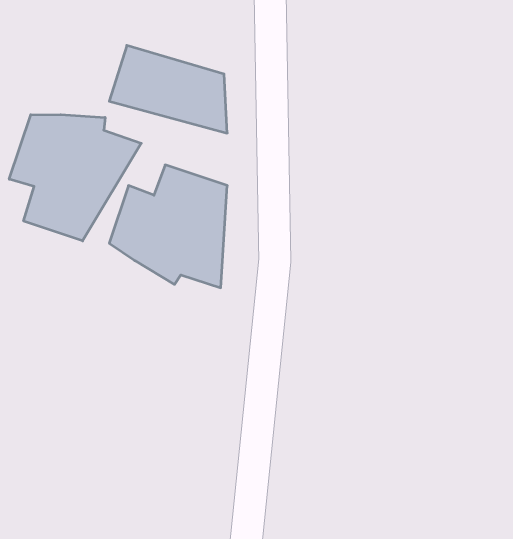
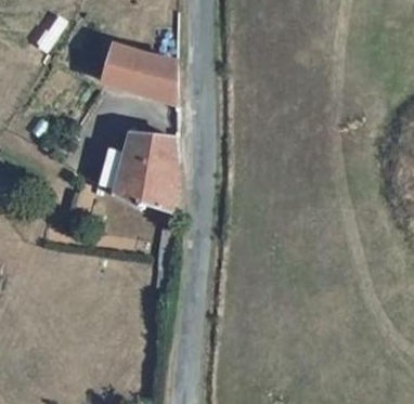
building: [9,115,141,241] -> none

